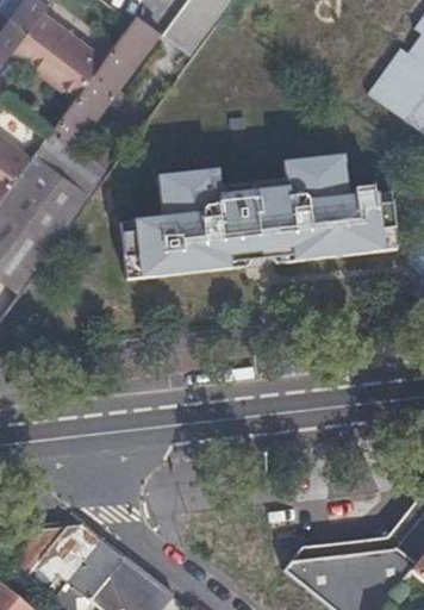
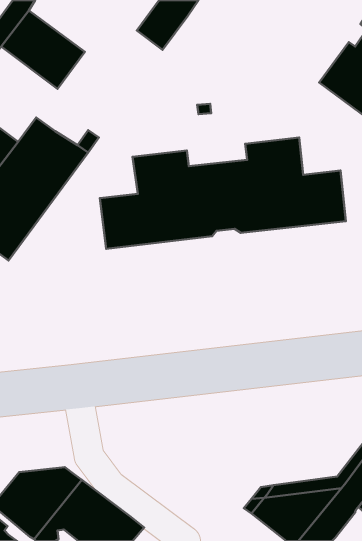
building: [50,15,158,148] -> none

